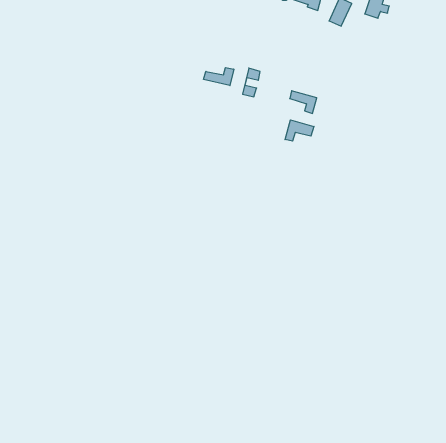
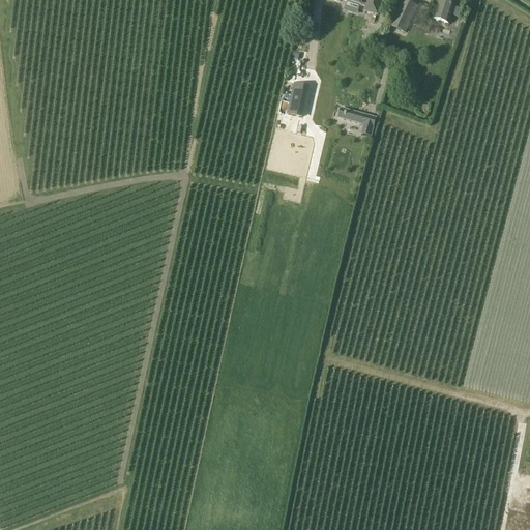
building: [204,68,234,86] -> none
building: [285,120,314,141] -> none

